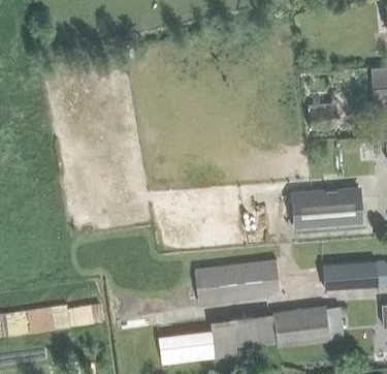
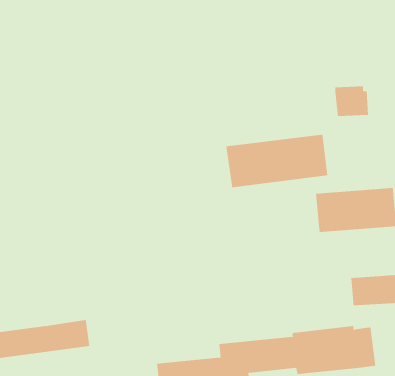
building: [195,259,282,305] -> [225,134,328,188]

